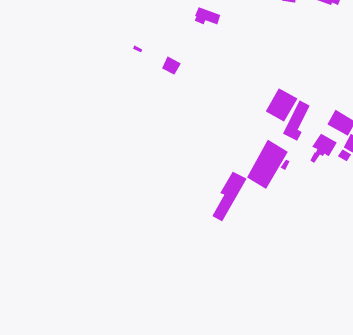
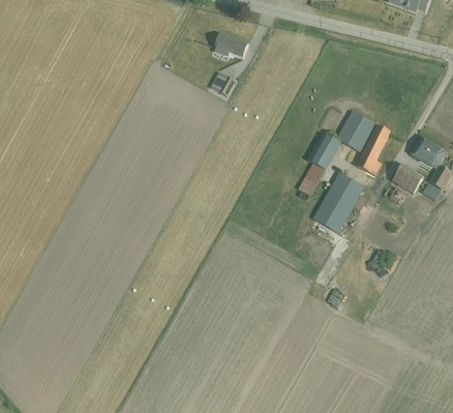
building: [194,6,221,25] -> [214,32,247,55]
building: [211,171,247,222] -> [297,132,340,195]

